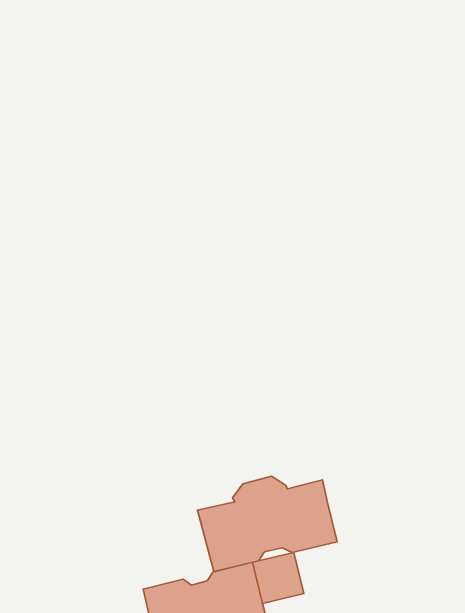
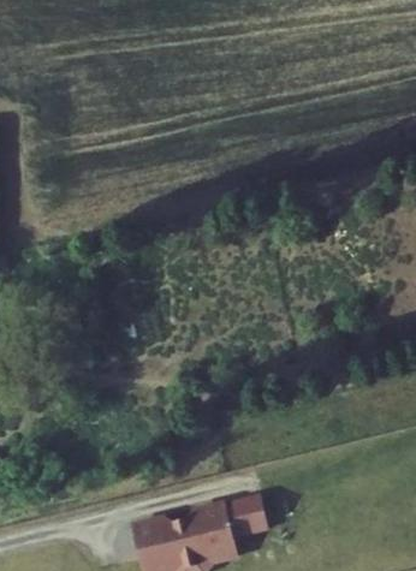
building: [198,476,337,571] -> none

